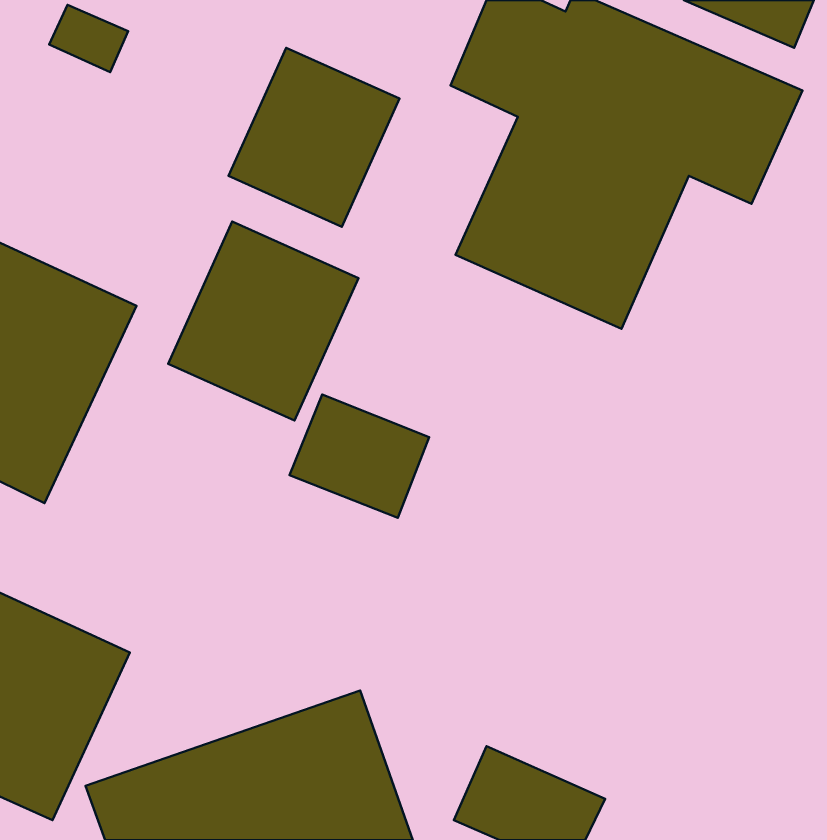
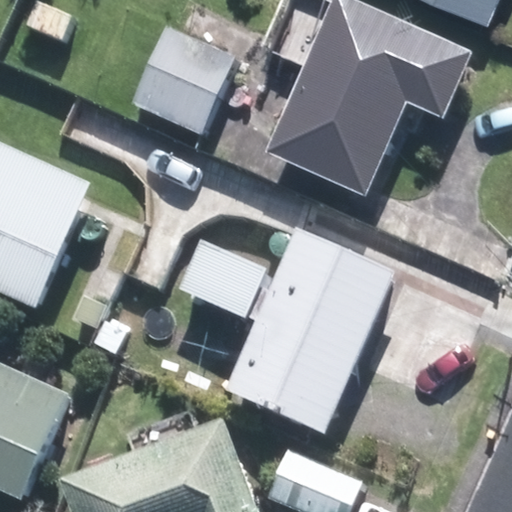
building: [168,222,358,420] -> none
building: none -> [220,228,392,433]

